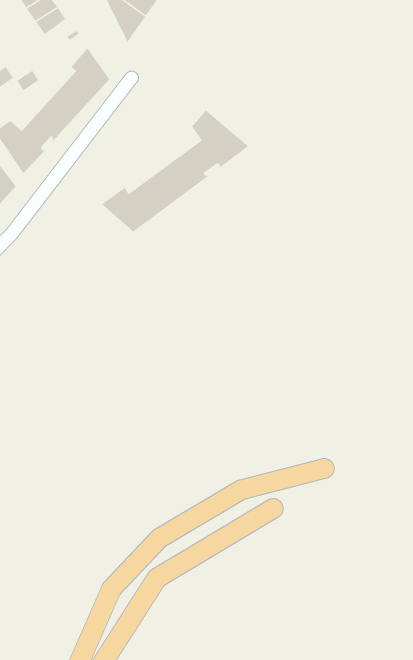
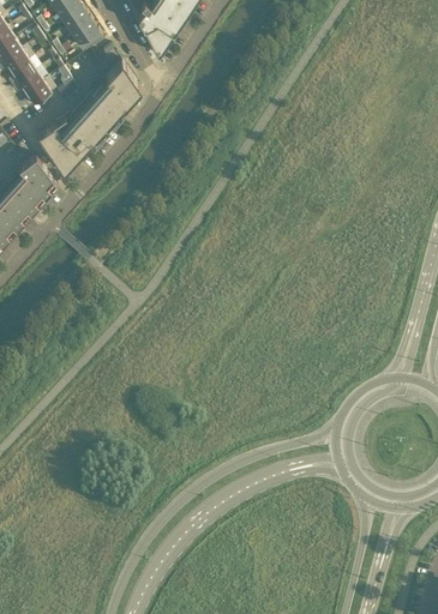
building: [101,109,249,232] -> none

